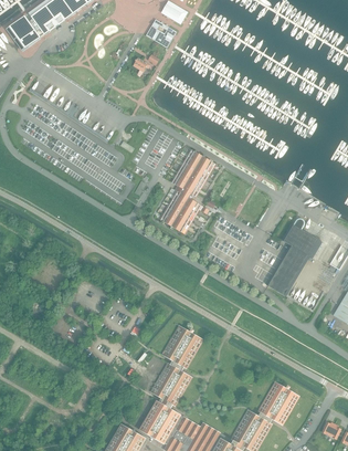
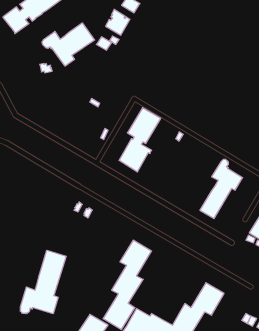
building: none -> [42,23,95,66]
building: none -> [20,250,66,314]

